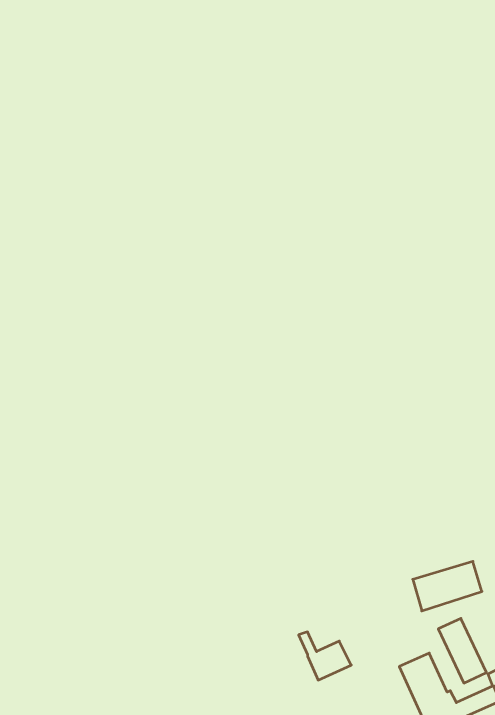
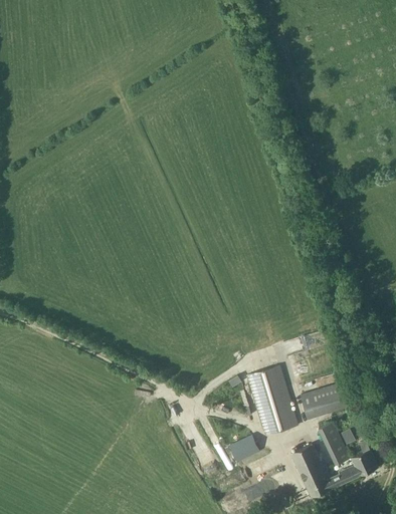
building: none -> [247,365,296,435]

